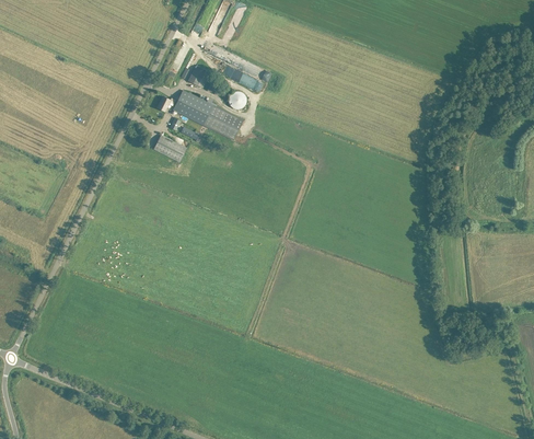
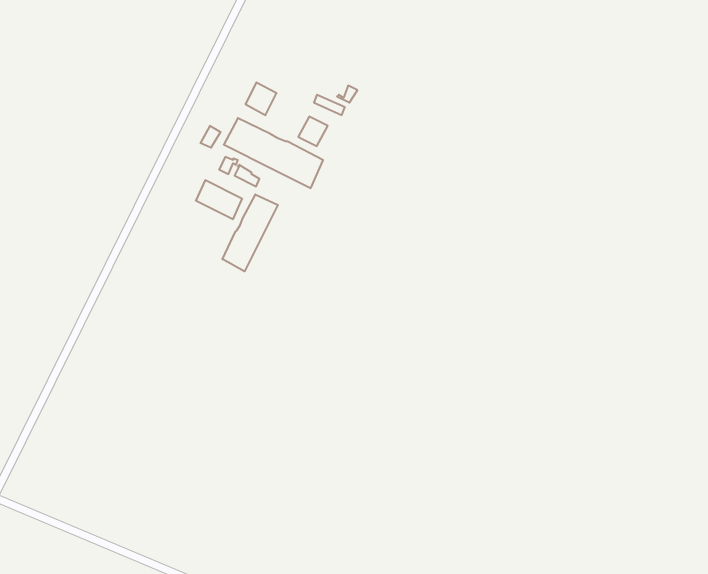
building: none -> [222,194,278,271]

